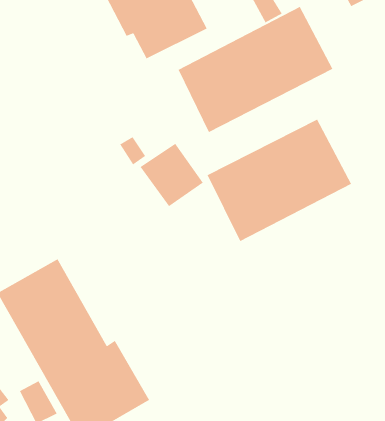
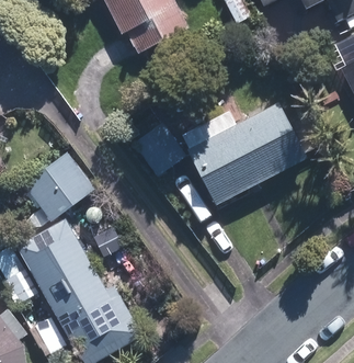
building: [177,6,334,133] -> none
building: none -> [22,151,92,220]

